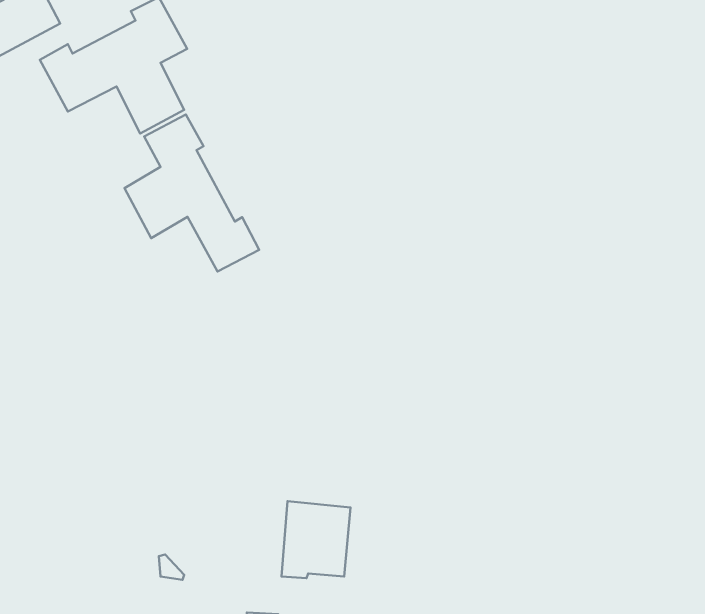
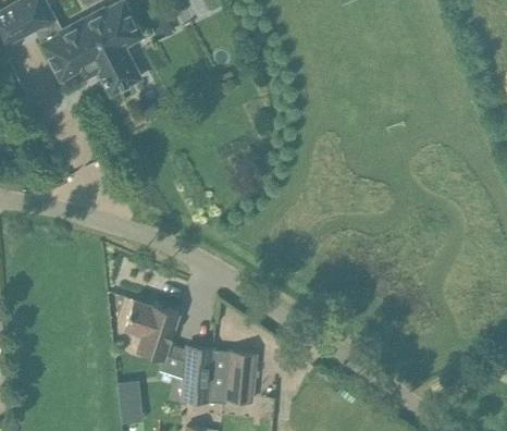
building: [124,115,259,272] -> none
building: none -> [123,300,212,403]

